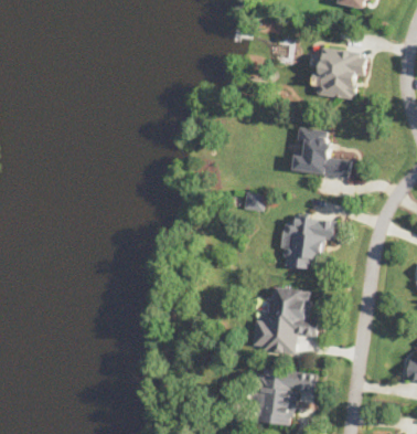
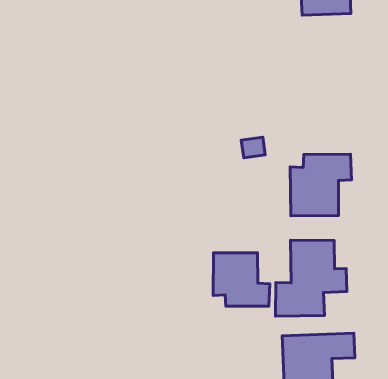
building: [292,128,350,178] -> none
building: none -> [213,253,270,306]

